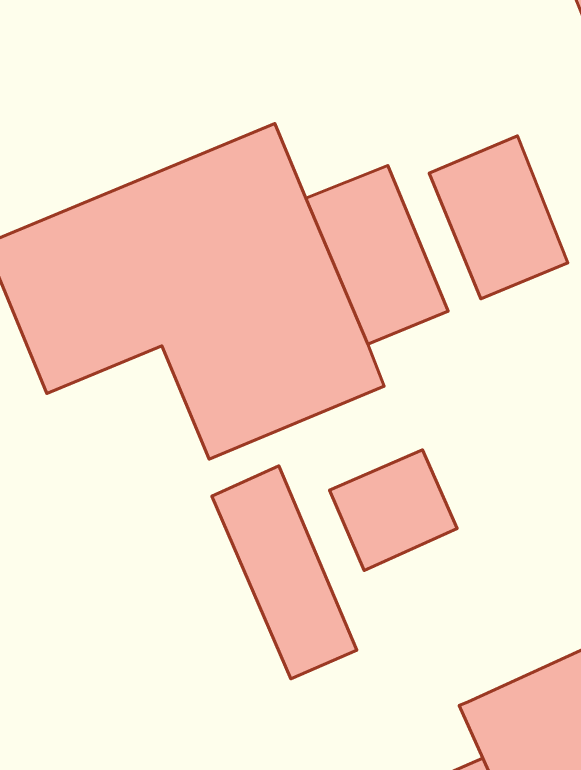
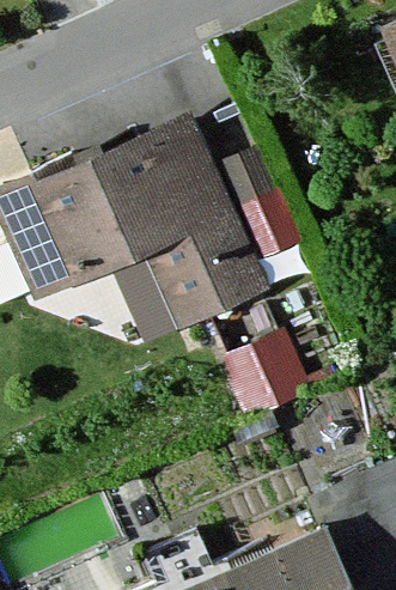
building: [429,136,568,299] -> none
building: [212,466,357,679] -> none

